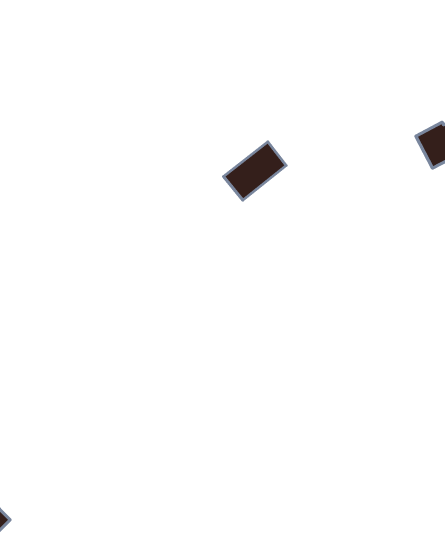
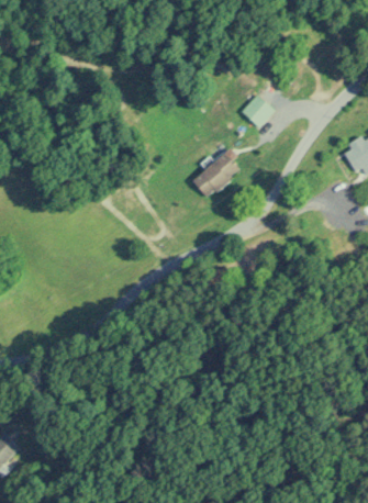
building: none -> [242,94,275,127]

